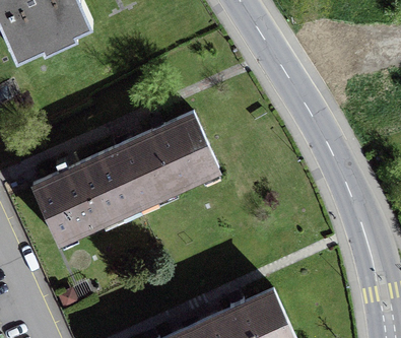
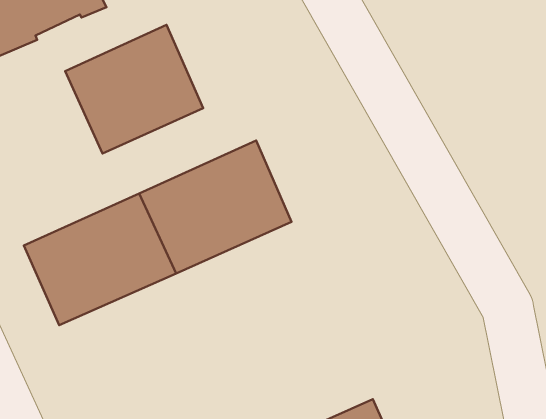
building: none -> [65,25,203,153]

